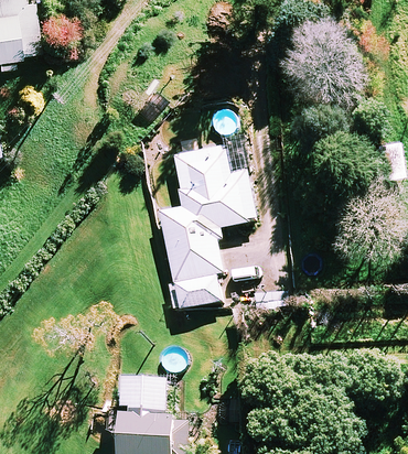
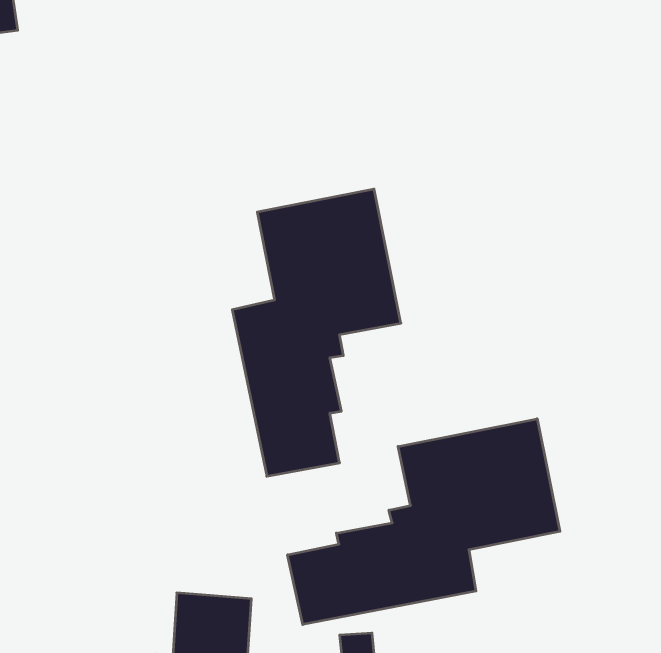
building: none -> [288,419,560,625]

